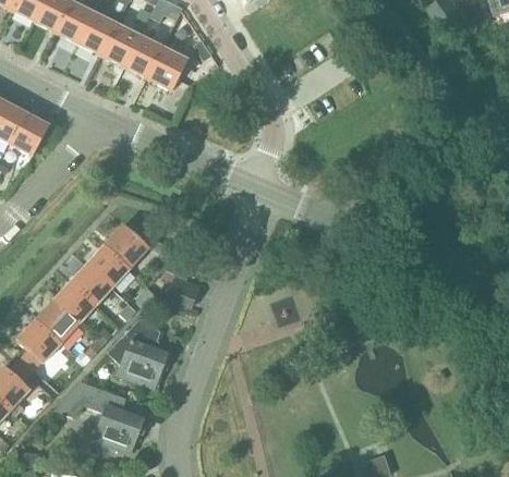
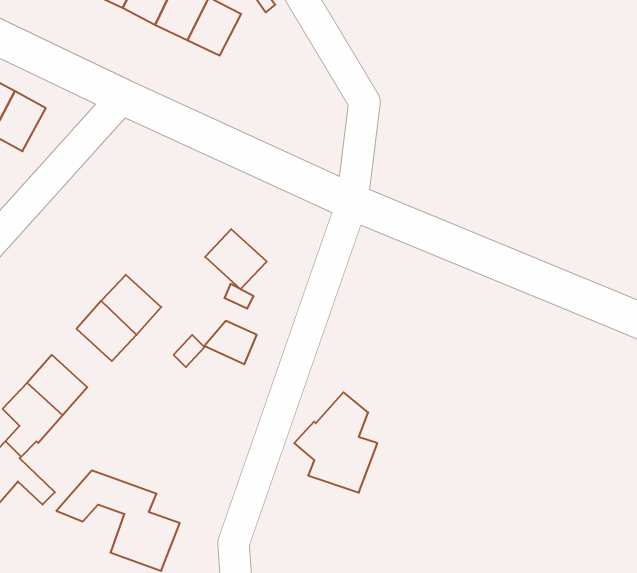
building: [105,223,148,266] -> [205,229,267,289]
building: [52,281,95,322] -> none
building: [108,316,167,387] -> [294,392,377,493]

